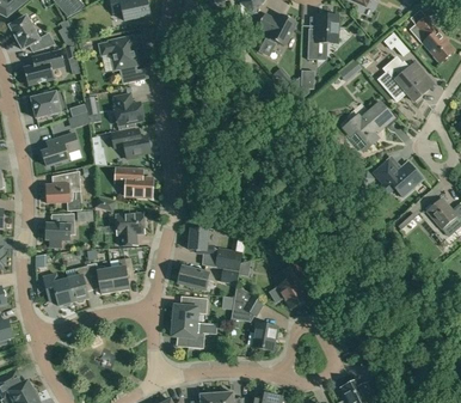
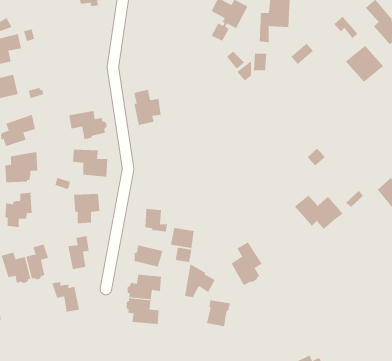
building: [98,36,142,84] -> none
building: [113,93,142,130] -> [133,89,161,125]
building: [343,102,393,148] -> none
building: [373,160,423,196] -> [294,195,343,230]
building: [86,263,115,294] -> [52,282,80,312]

